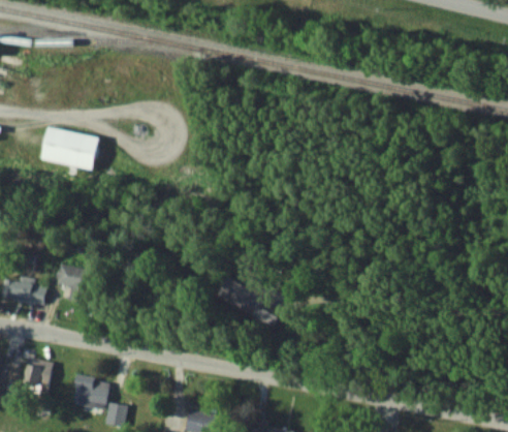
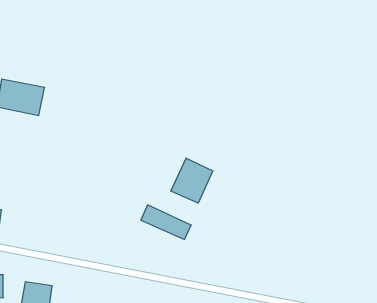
building: none -> [171,158,213,203]
building: [56,264,91,303] -> none

